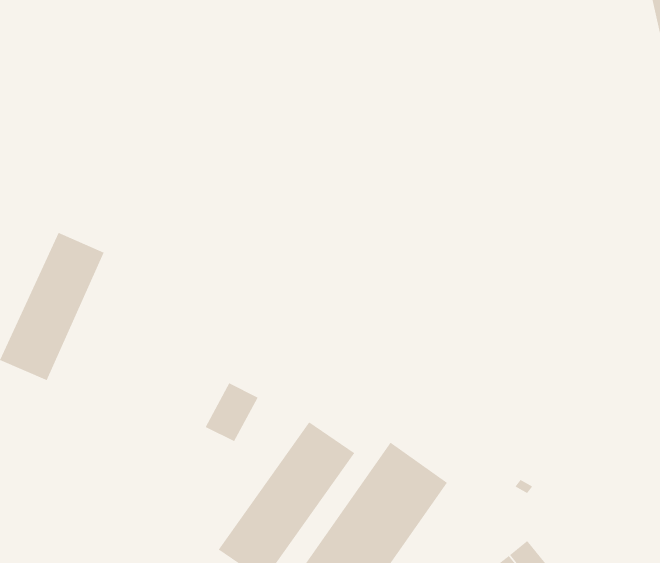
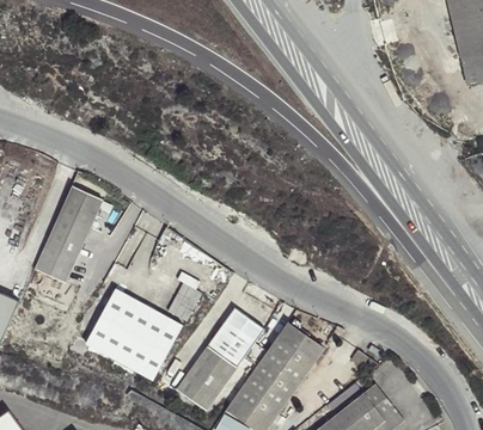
building: none -> [85,289,183,380]

